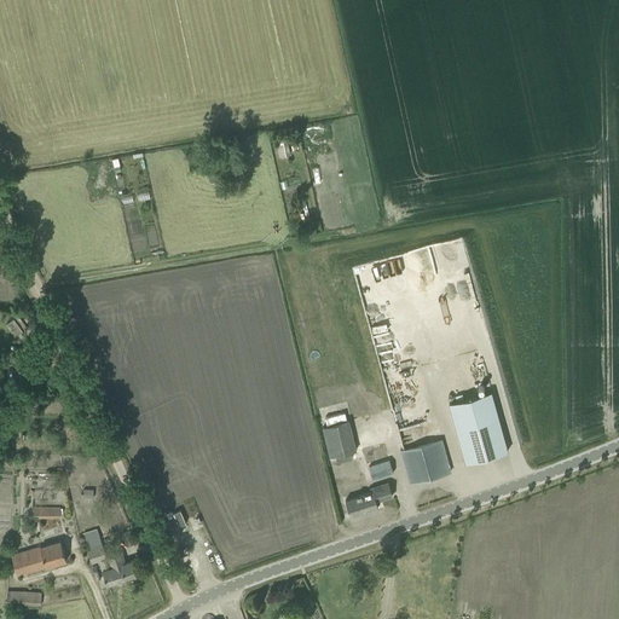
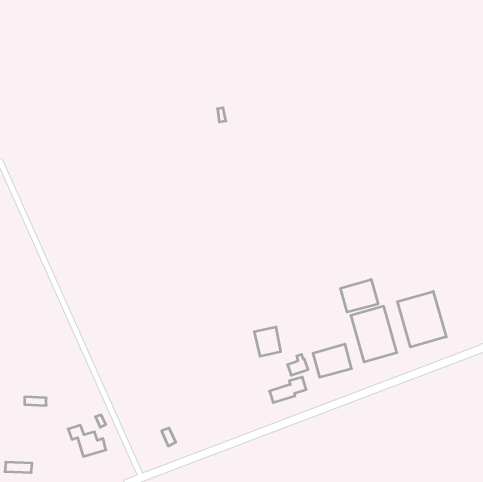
building: none -> [341,279,378,312]
building: none -> [397,291,446,347]
building: [12,542,66,575] -> none

